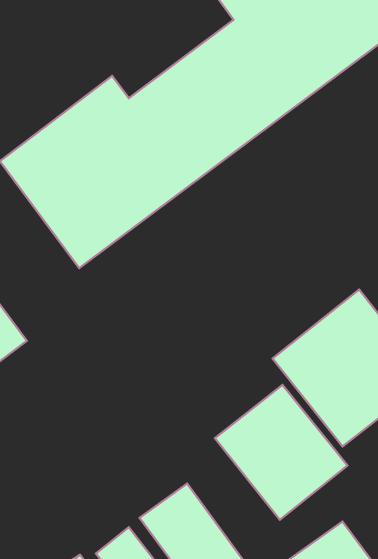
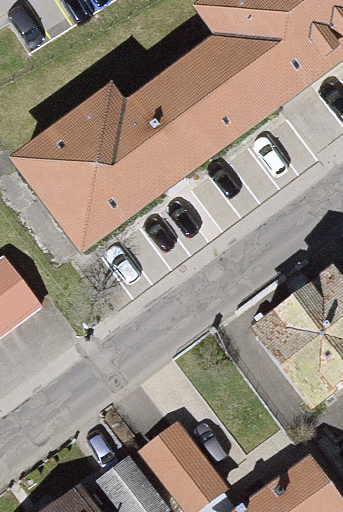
building: [215,385,347,520] -> none

